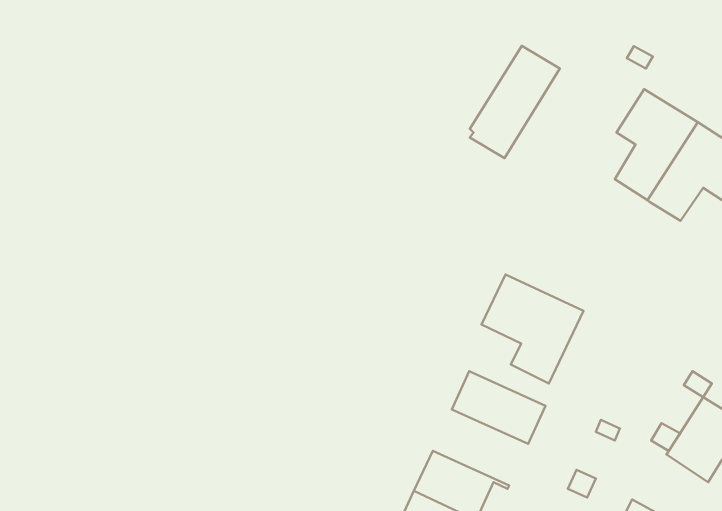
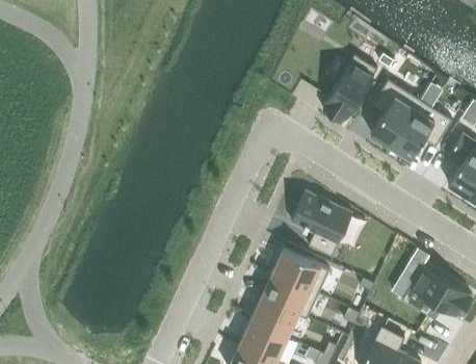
building: [470,46,560,158] -> [323,54,377,122]
building: none -> [262,271,319,317]

